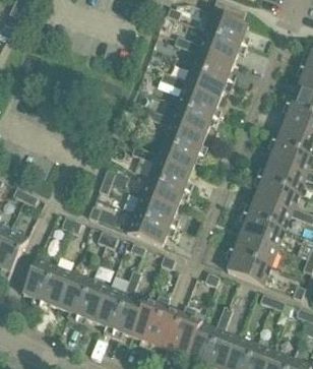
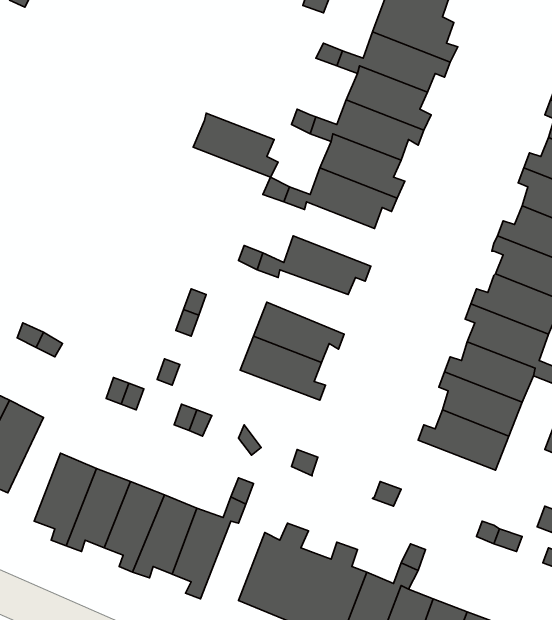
building: [162,121,207,156] -> [193,113,278,177]
building: [147,158,193,192] -> none
building: [126,211,176,245] -> none
building: [226,249,270,284] -> none
building: [112,293,146,337] -> none

